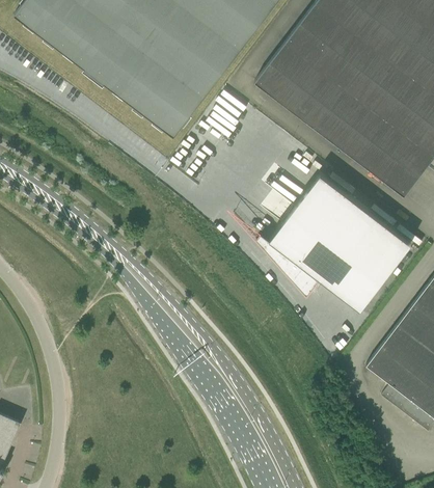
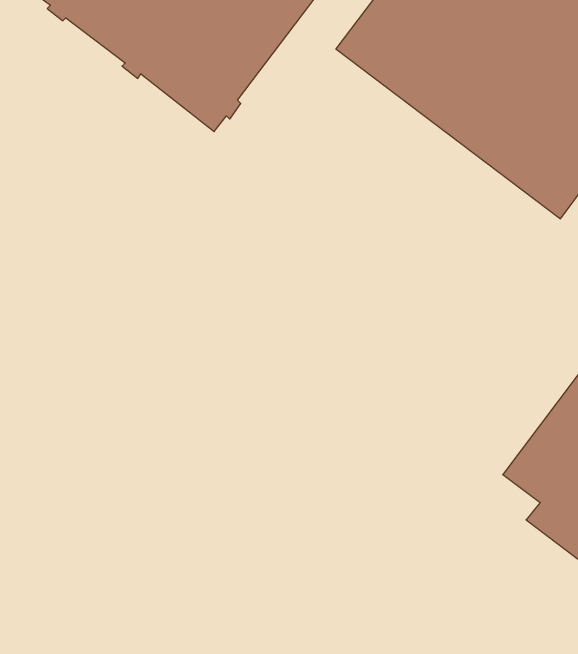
building: [255,173,411,310] -> none

